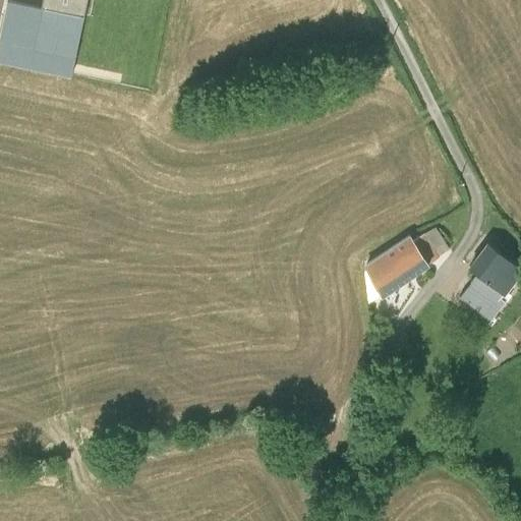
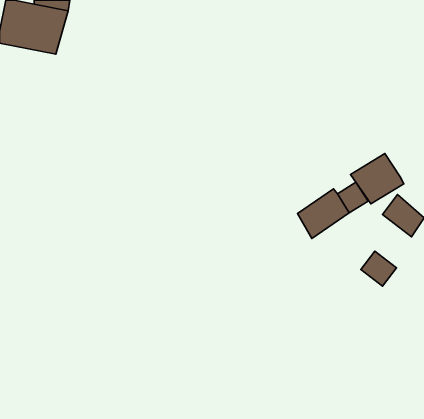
building: none -> [350,153,404,204]
building: [460,277,504,320] -> [361,251,397,286]

